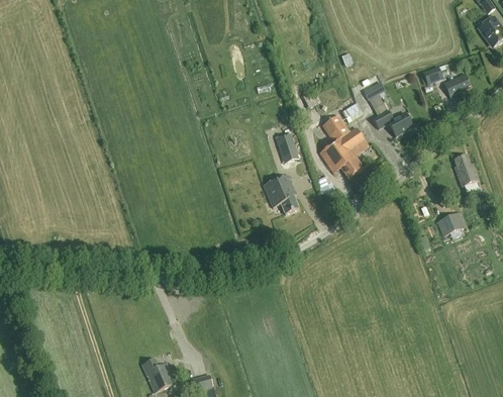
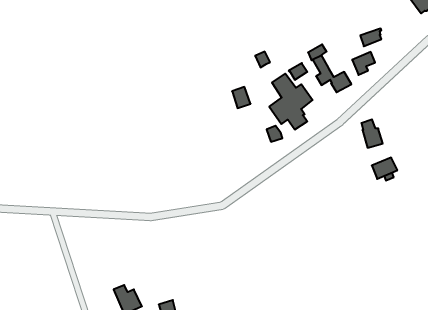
building: [443,74,470,100] -> [352,52,375,75]
building: [454,155,478,187] -> [361,119,383,148]
building: [263,175,299,214] -> none

